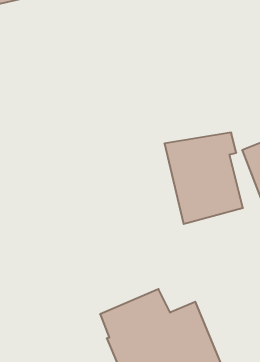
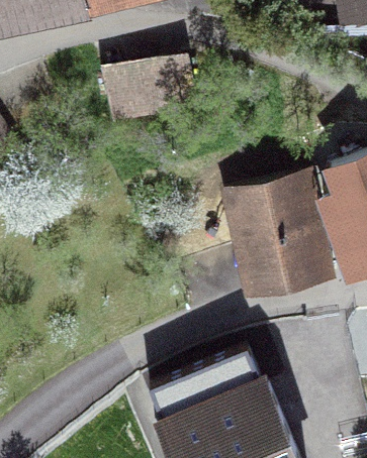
building: none -> [102,51,199,118]

